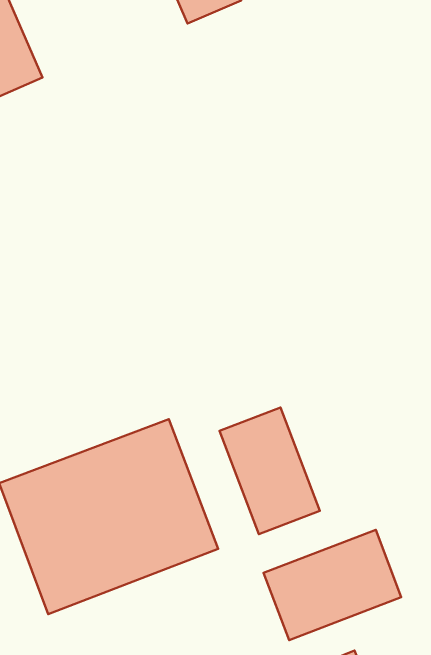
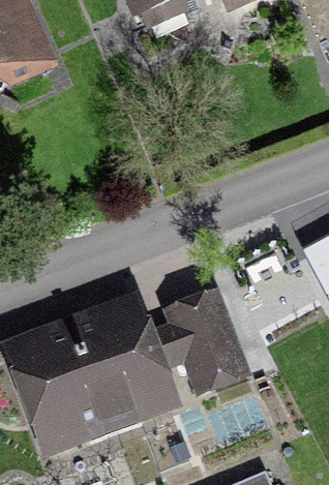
building: [264,530,401,640] -> none

